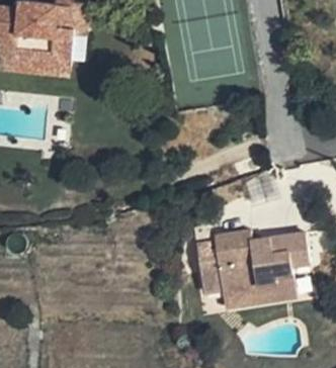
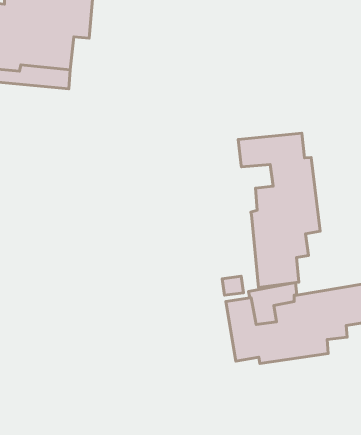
building: none -> [238,133,320,287]
building: [224,272,298,306] -> none

